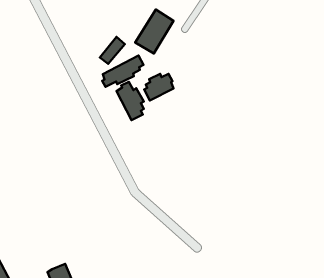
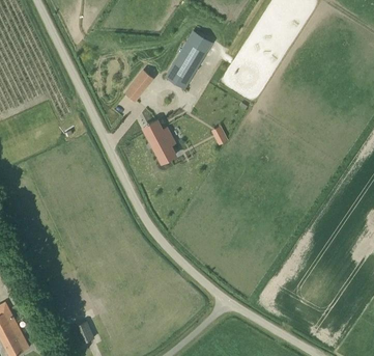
building: [102,56,144,87] -> none
building: [144,74,174,101] -> none

